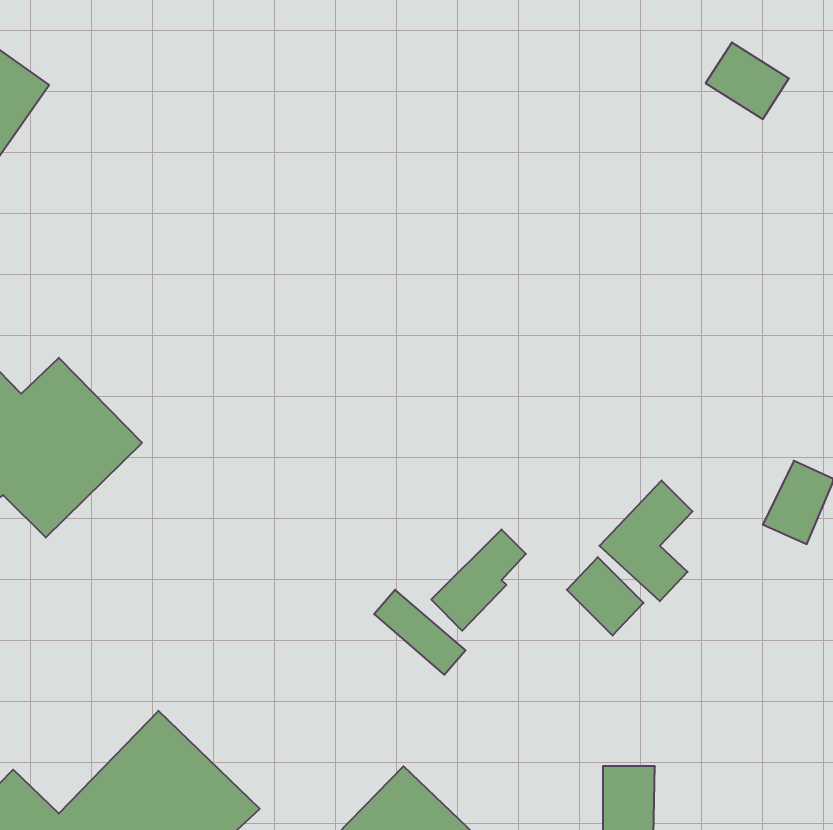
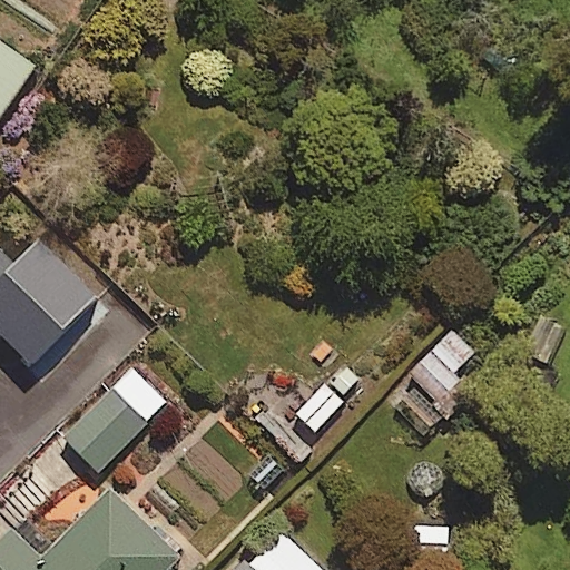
building: none -> [63,370,165,472]

